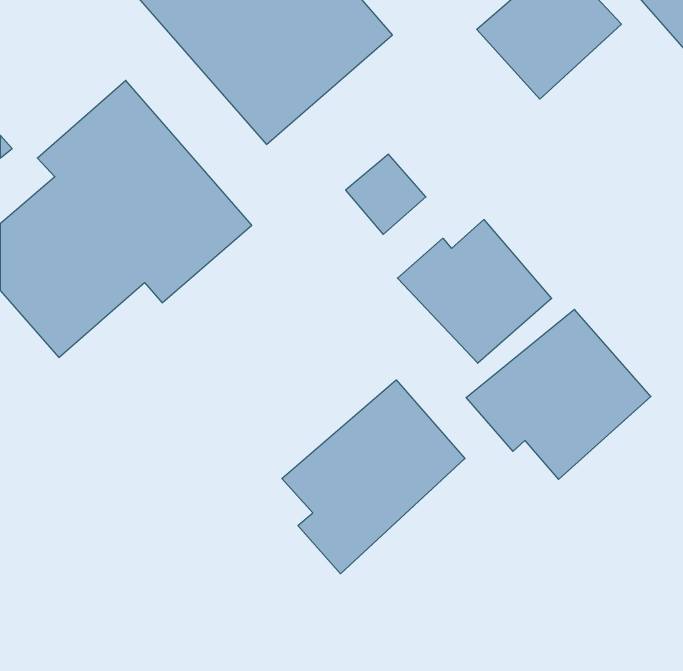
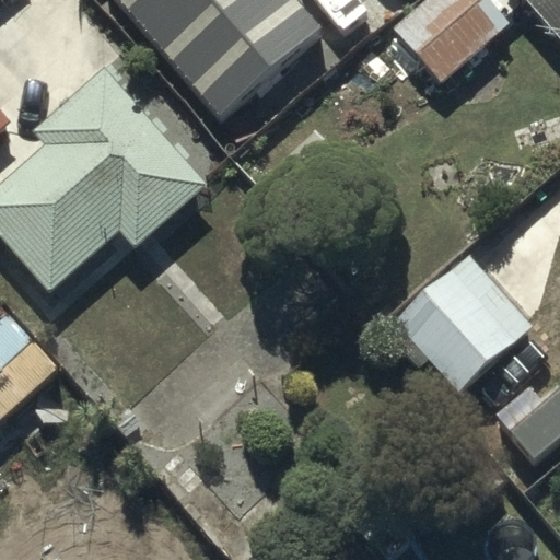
building: [397,220,552,363] -> none
building: [282,380,465,574] -> none

